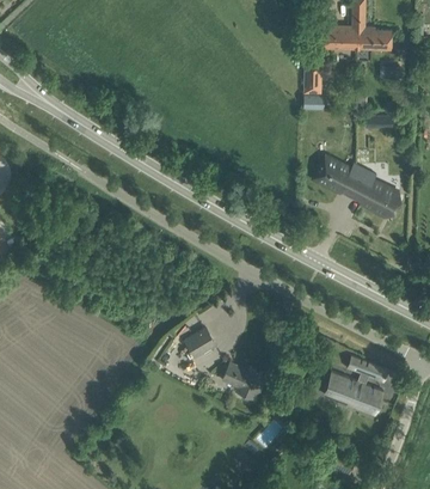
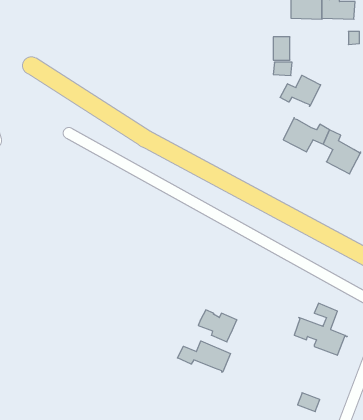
building: none -> [280,75,321,106]
building: [184,329,216,359] -> none
building: none -> [177,341,230,372]

